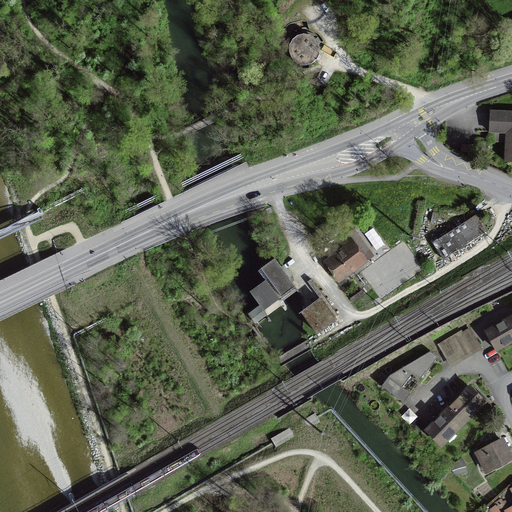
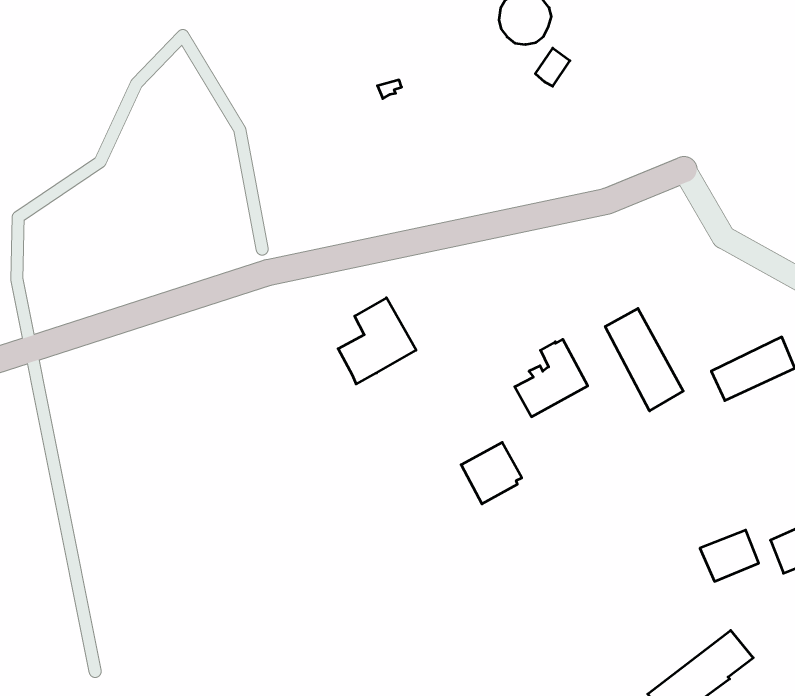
building: none -> [605,308,683,411]
building: [250,257,295,309] -> [338,298,416,384]
building: [381,351,435,401] -> none

